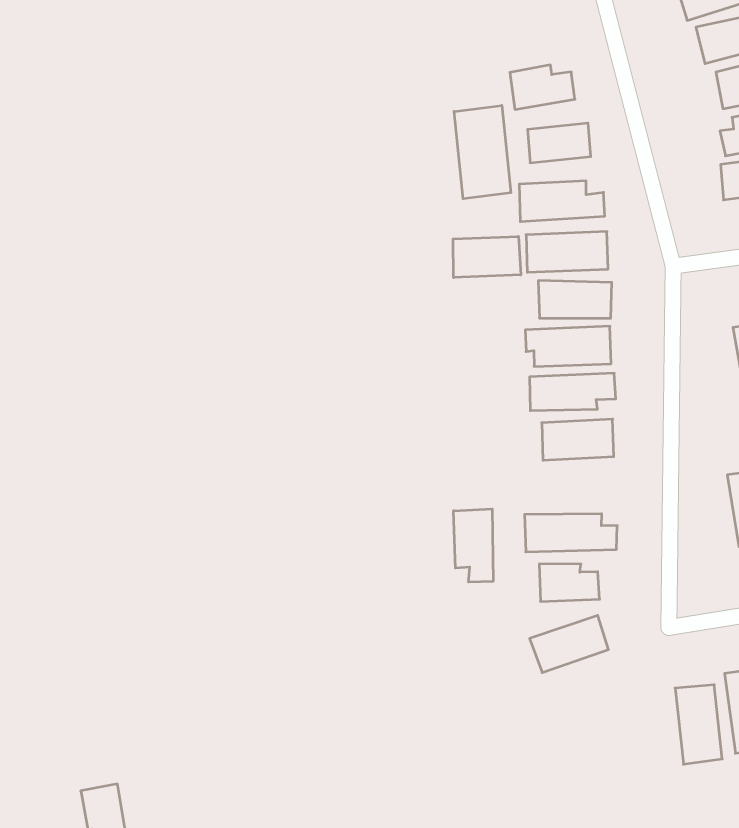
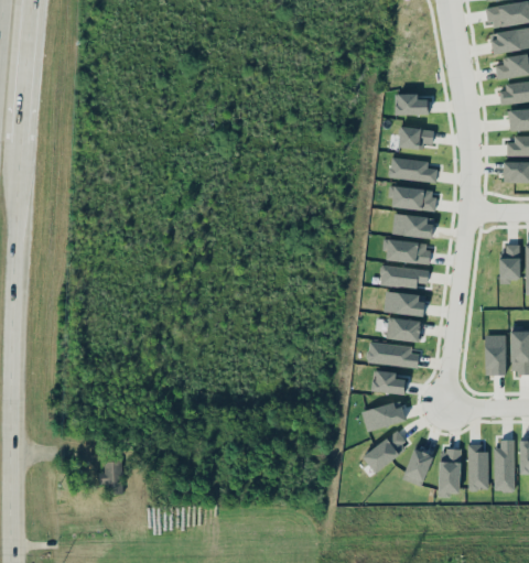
building: [454,105,511,199] -> none
building: [453,236,521,278] -> none
building: none -> [386,317,421,343]
building: [454,509,493,582] -> none
building: none -> [363,430,410,474]
building: none -> [402,448,434,487]

